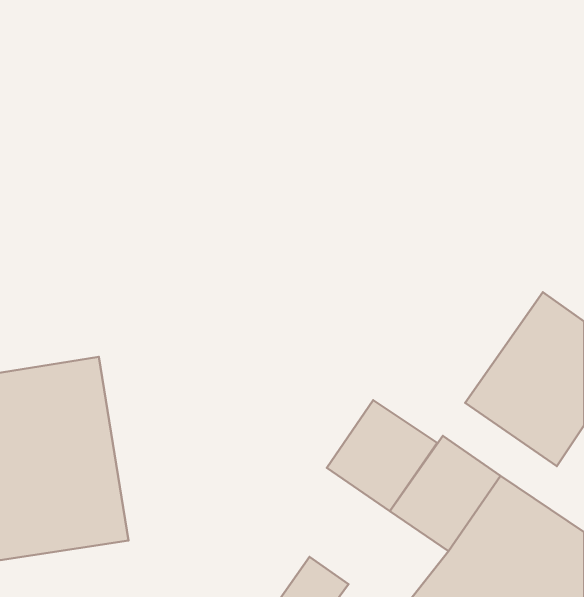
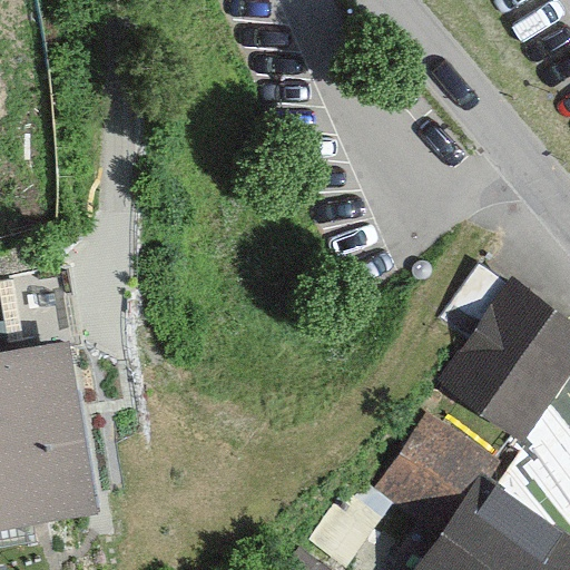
building: [327,400,437,511] -> none

